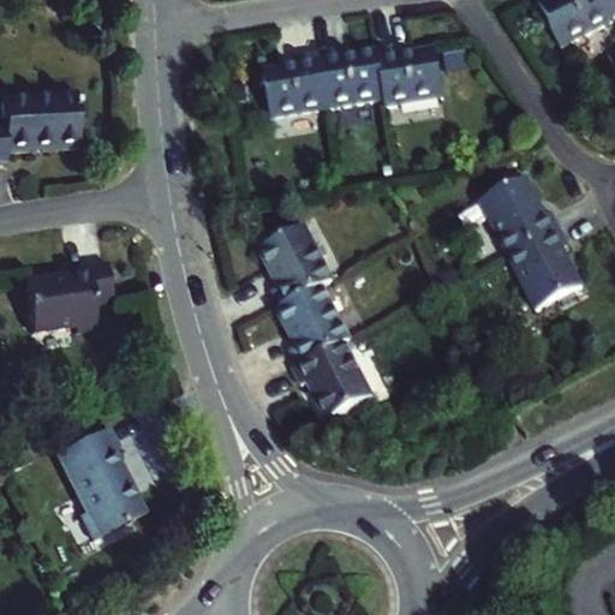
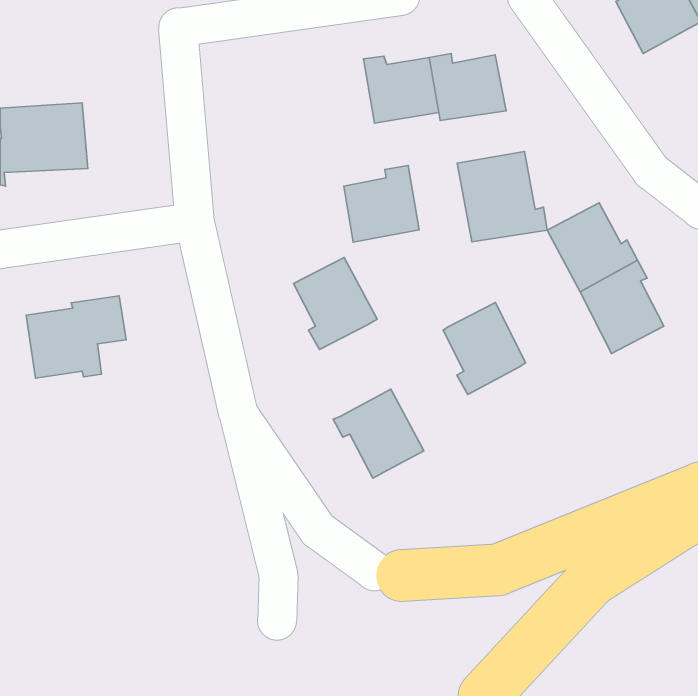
building: [264,52,330,119] -> [344,166,419,242]
building: none -> [457,151,547,242]
building: [279,285,351,365] -> [443,303,526,394]
building: [58,424,145,537] -> none

